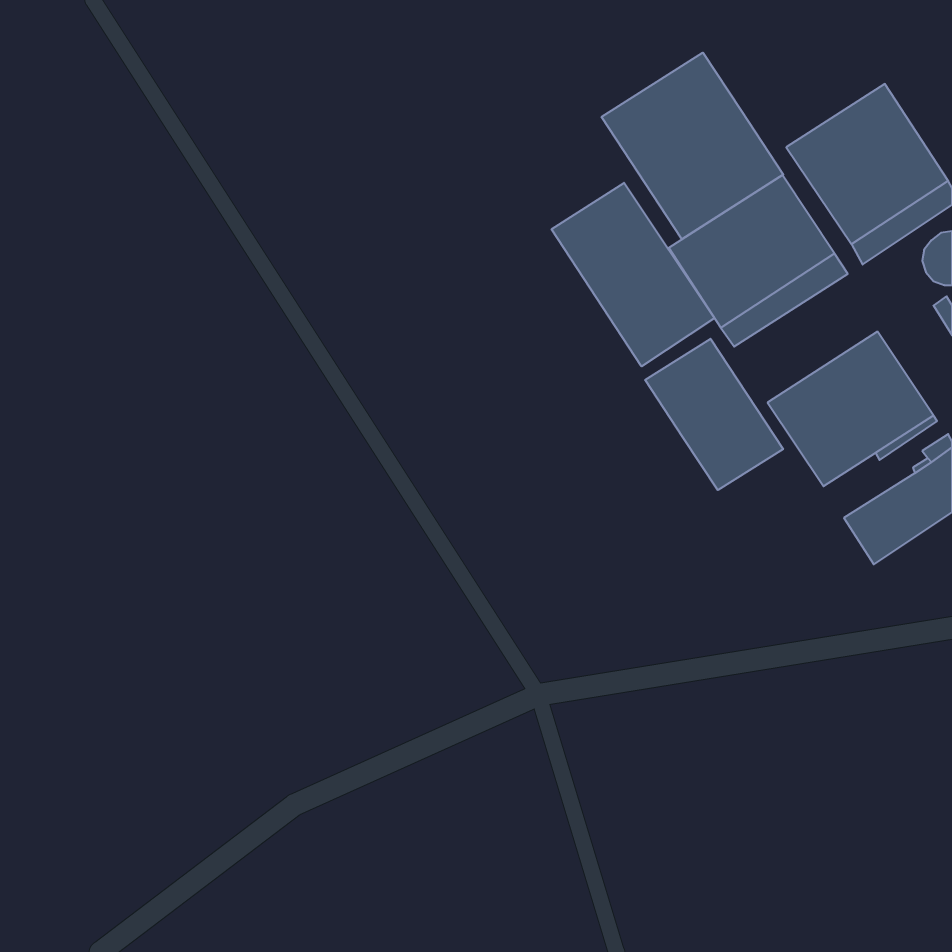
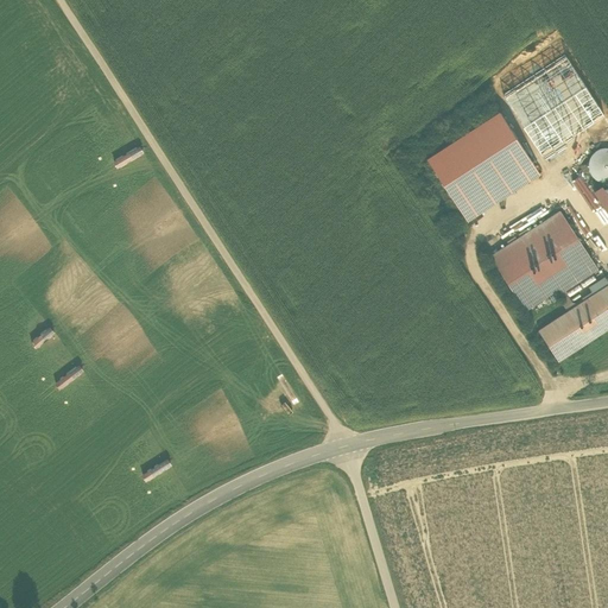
building: [602,53,783,239] -> none
building: [552,183,715,366] -> none
building: [645,339,783,490] -> none

